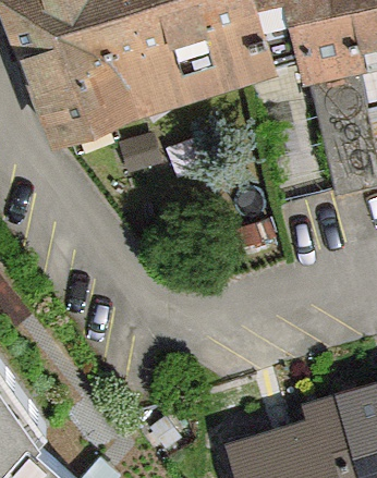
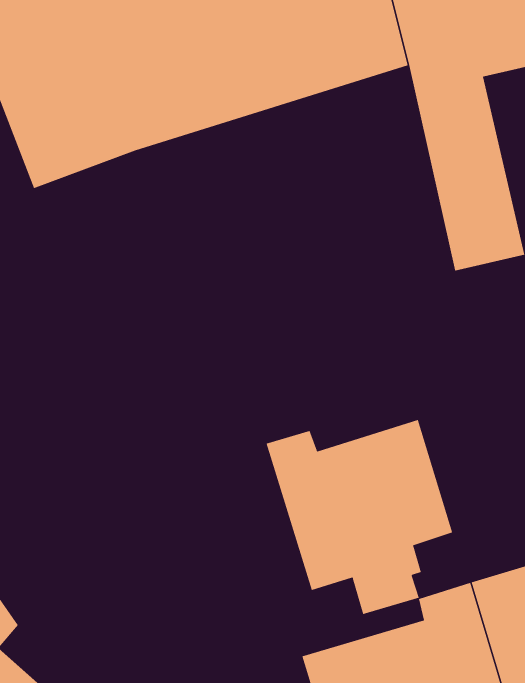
building: none -> [266,419,453,615]

